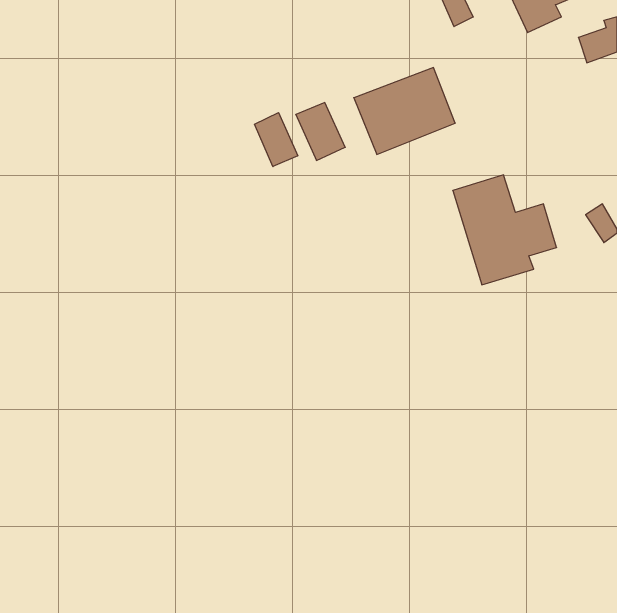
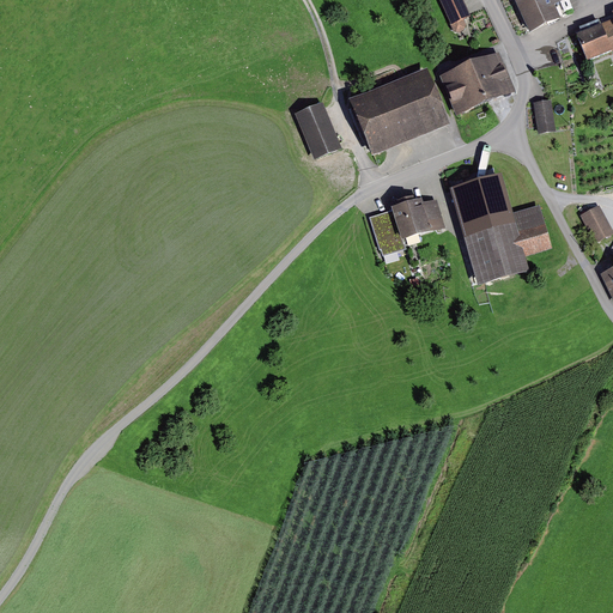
building: none -> [439,51,512,115]
building: none -> [532,99,557,133]
building: [254,113,298,167] -> none
building: none -> [370,193,448,254]

